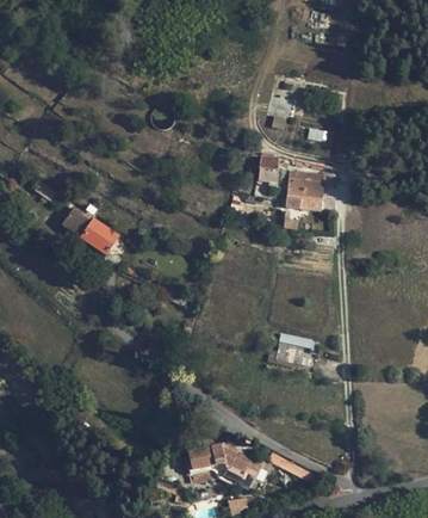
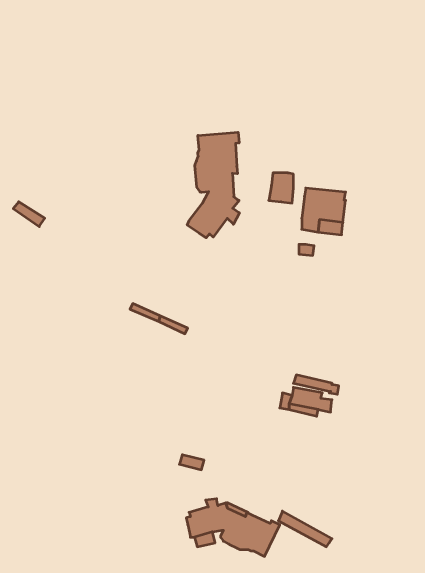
building: none -> [187,132,239,238]
building: [63,205,119,254] -> none

